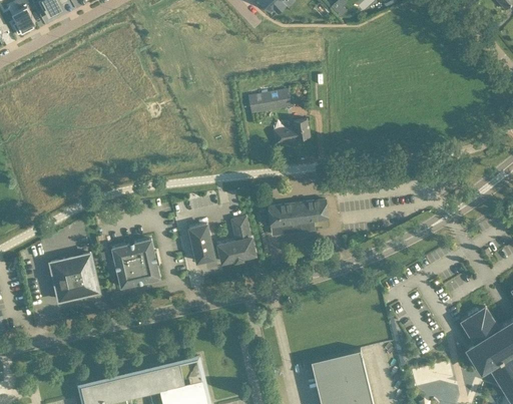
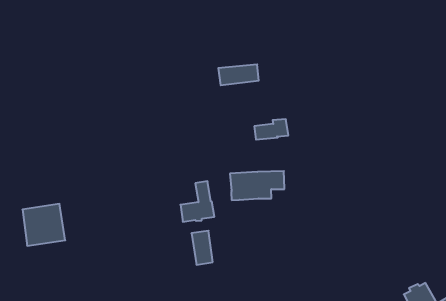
building: [273,120,310,144] -> [254,119,288,140]
building: [188,226,213,263] -> [191,231,213,265]
building: [111,241,159,289] -> none

